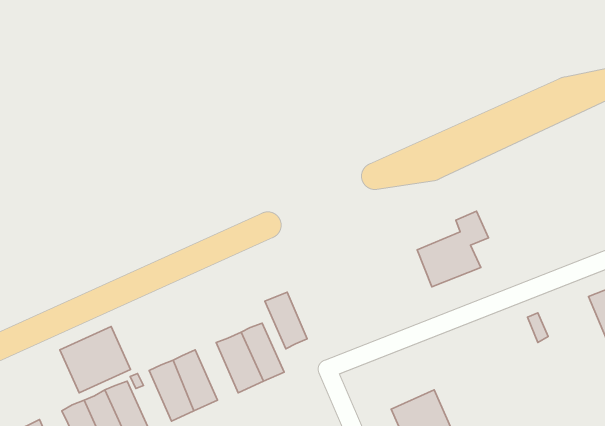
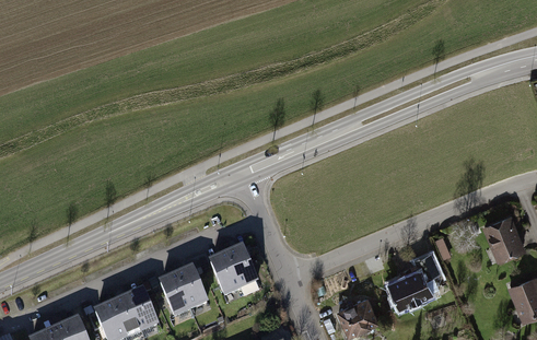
building: [417,211,488,287] -> [387,250,440,306]
building: [265,292,307,349] -> none
building: [60,327,131,393] -> none

